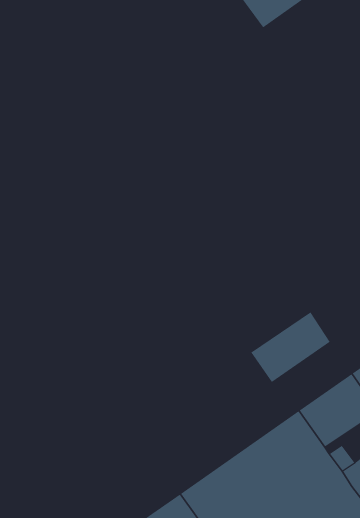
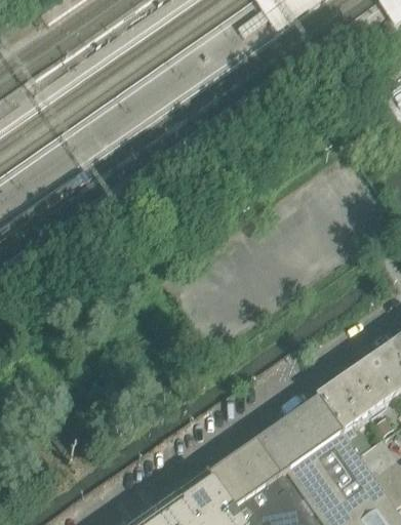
building: [250,311,331,383] -> none

